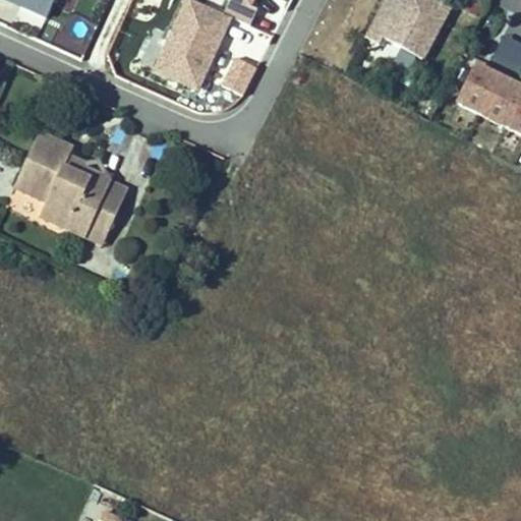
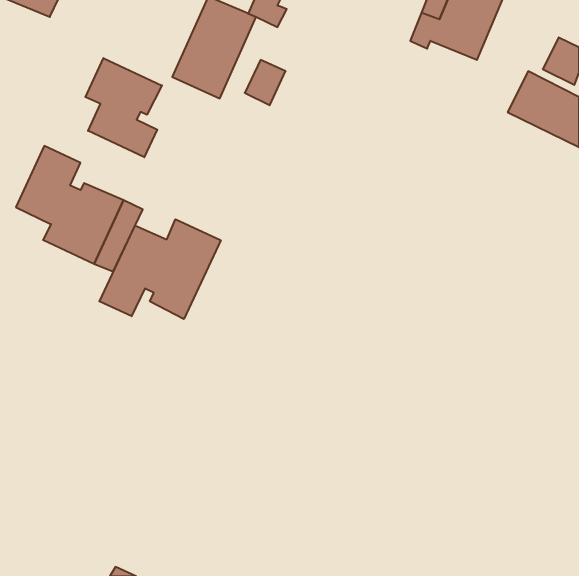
building: none -> [85,58,162,157]
building: none -> [99,219,221,319]

